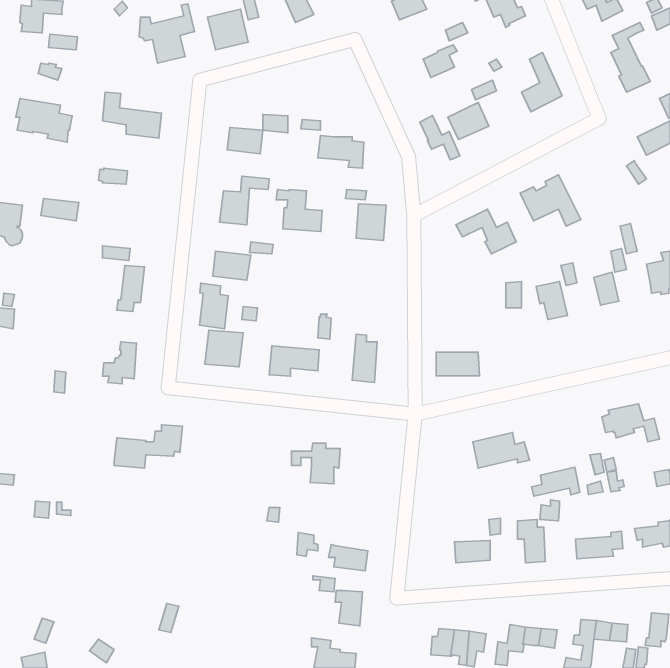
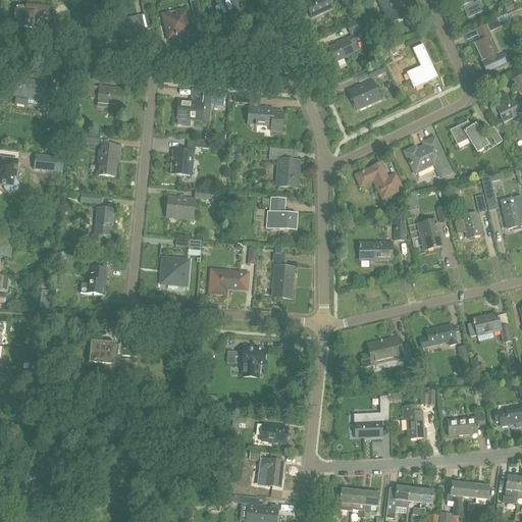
building: [420,115,460,160] -> none
building: none -> [448,119,487,152]
building: none -> [97,143,120,175]
building: [276,189,322,231] -> [261,196,297,228]
building: [200,283,228,329] -> none
building: [436,352,479,376] -> [358,241,392,259]
building: [531,467,580,496] -> [418,323,456,346]

